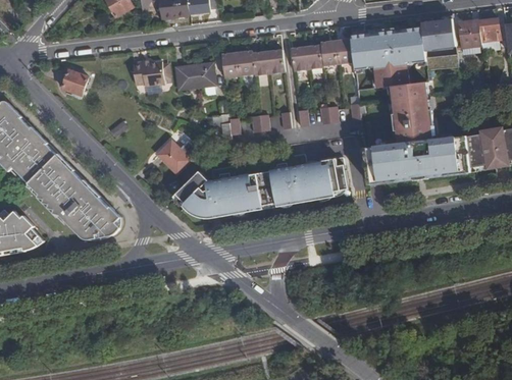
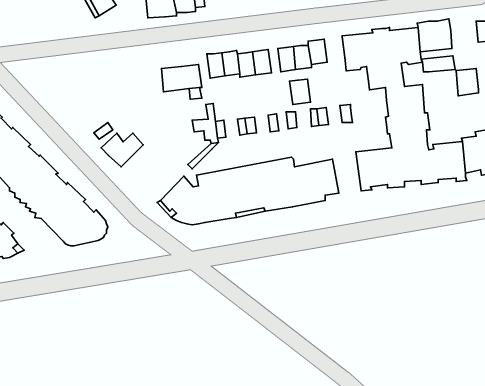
building: [460,21,481,48] -> [456,68,478,96]
building: [332,37,353,61] -> [290,79,311,104]
building: [133,61,164,86] -> none
building: [64,72,89,97] -> none
building: [157,141,198,173] -> [101,133,143,167]

